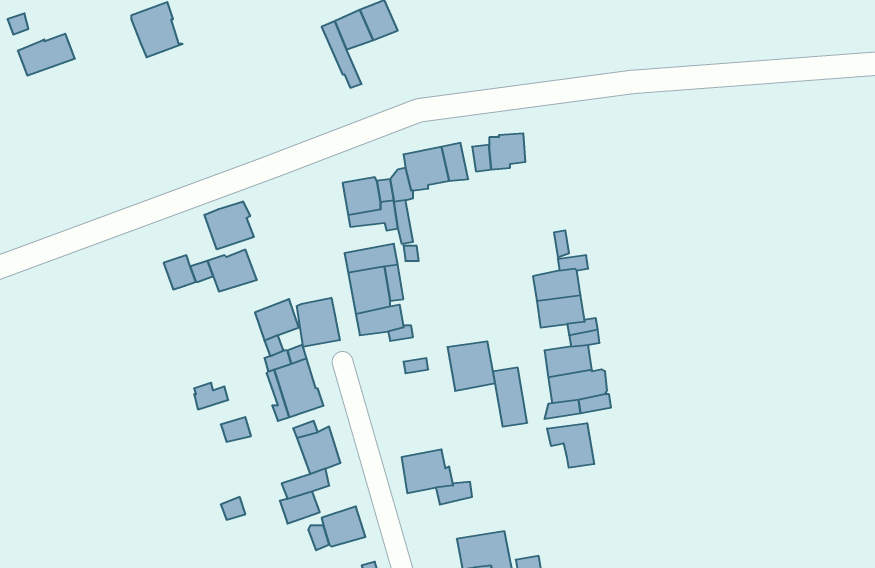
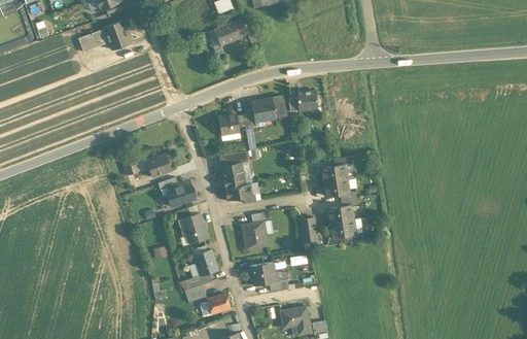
building: [18,34,75,76] -> [79,29,110,52]
building: [204,201,254,249] -> none
building: [297,298,340,347] -> none
building: [447,341,495,391] -> [243,222,269,248]
building: [547,423,594,468] -> none

